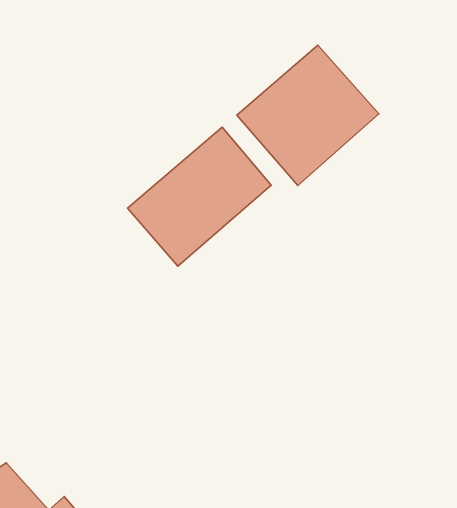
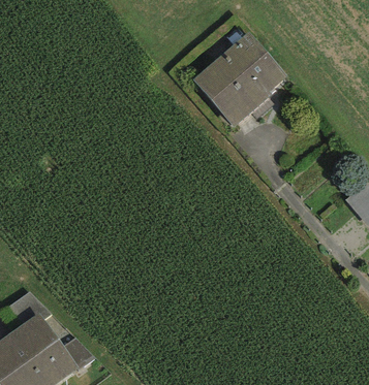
building: [128,127,271,266] -> none

